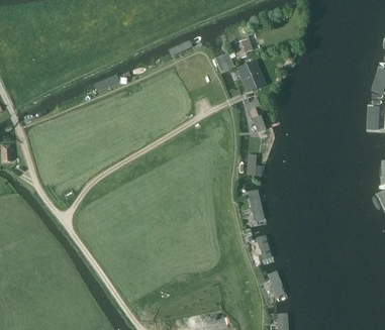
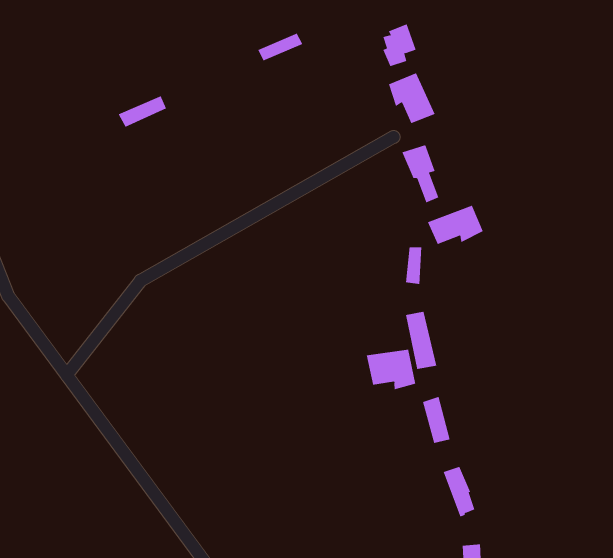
building: none -> [427,205,484,245]
building: none -> [366,349,416,390]

